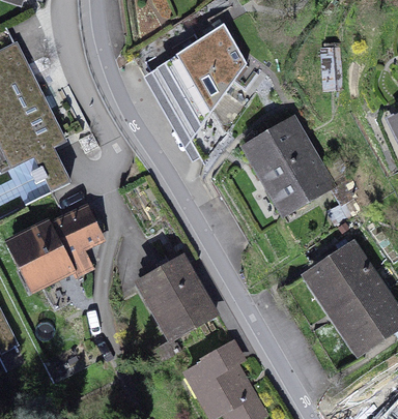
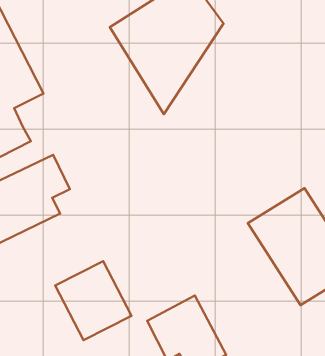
building: [236,118,338,228] -> none
building: [130,252,210,336] -> [55,261,131,340]

